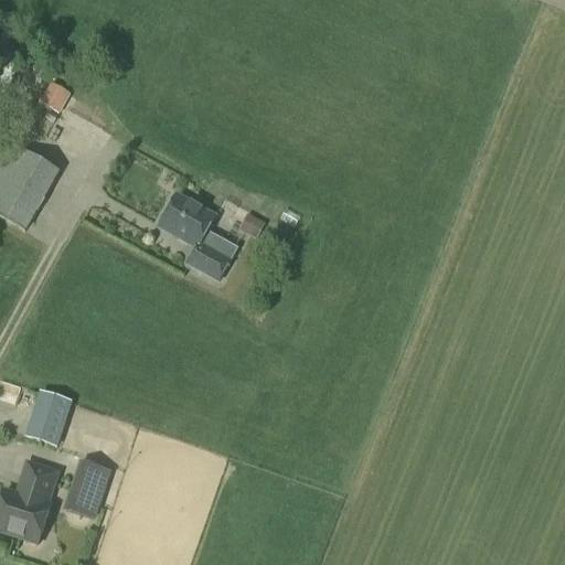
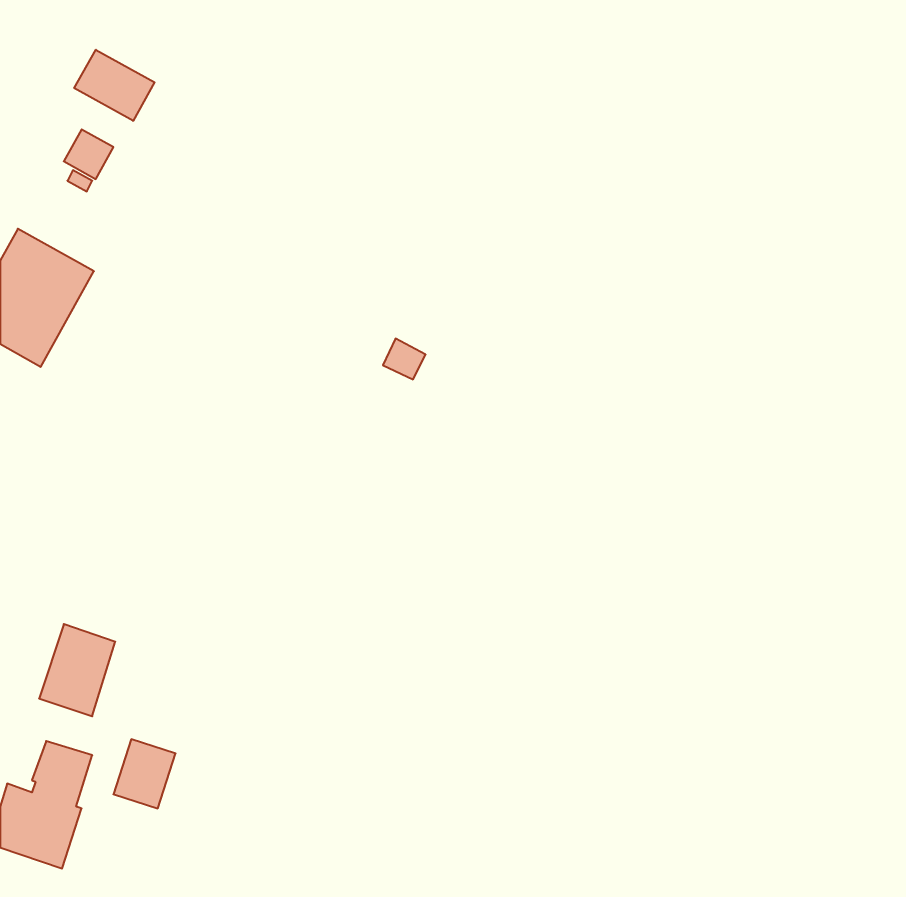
building: none -> [74,50,155,121]
building: [160,192,237,277] -> none

